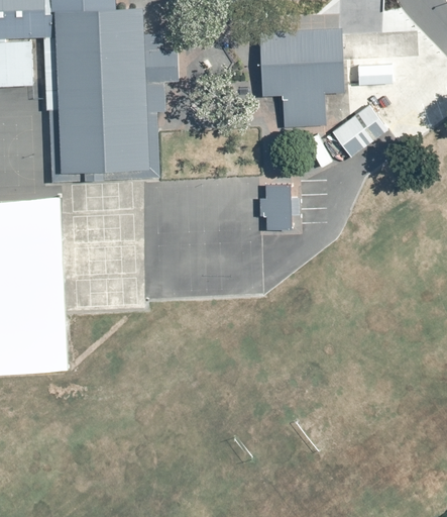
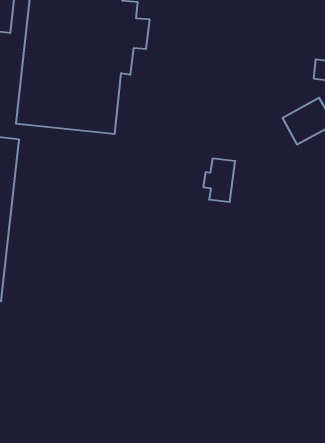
building: [258,29,344,126] -> none

